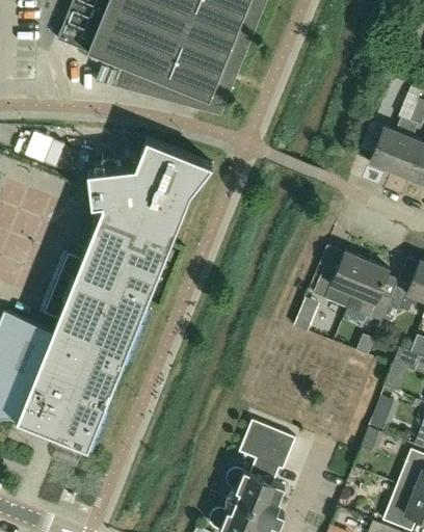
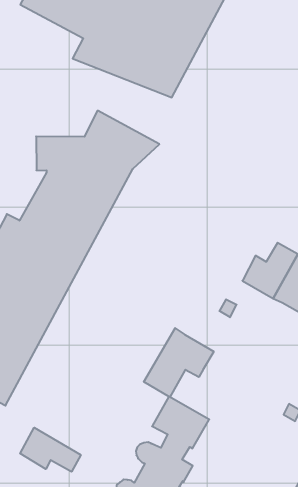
building: none -> [144,328,214,397]
building: none -> [20,428,81,472]

